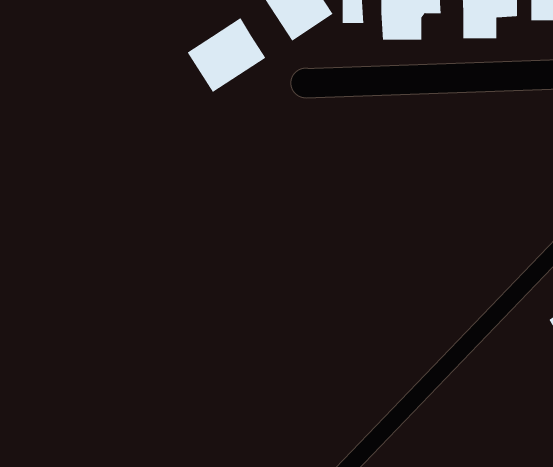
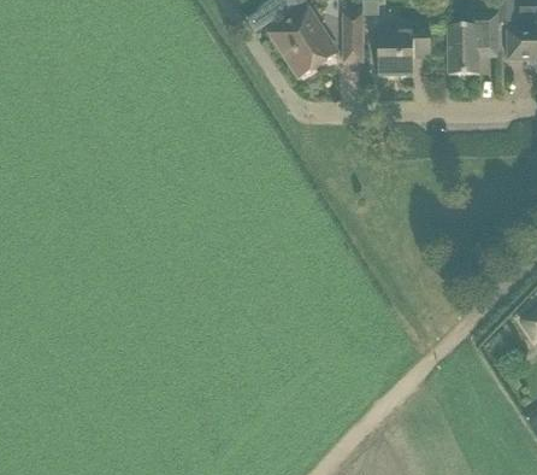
building: [187,17,266,93] -> none

